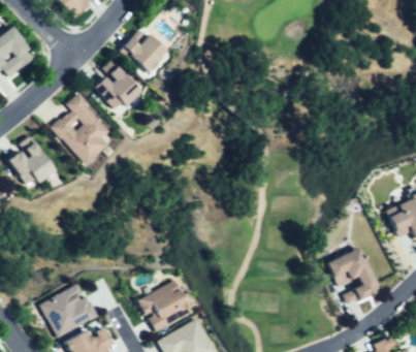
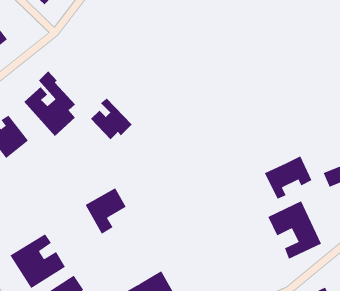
building: [121,34,171,75] -> none
building: [94,63,141,110] -> [90,98,133,140]
building: none -> [264,156,312,200]
building: [142,276,189,328] -> [85,187,126,234]

